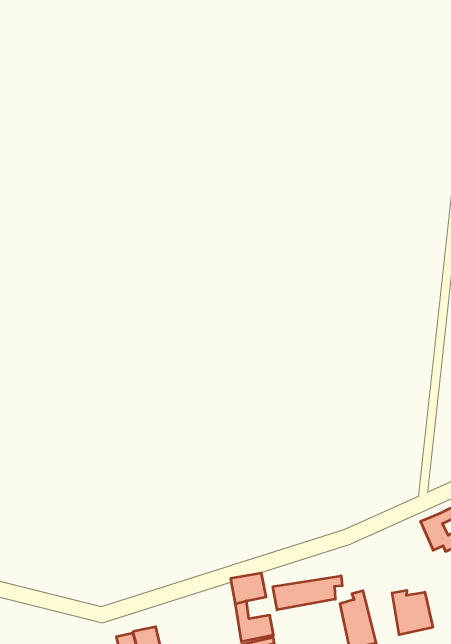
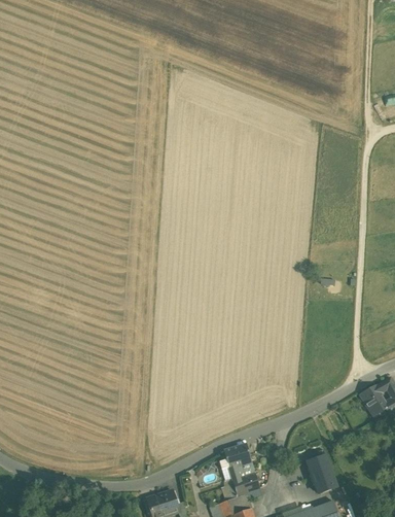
building: [273,576,342,610] -> none
building: [392,590,433,635] -> none

